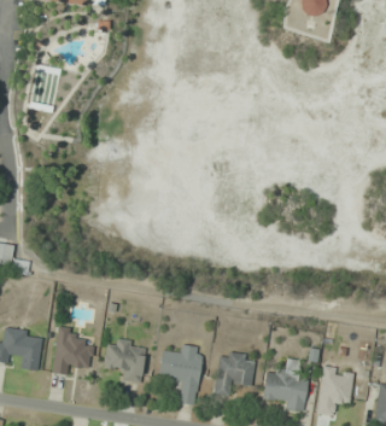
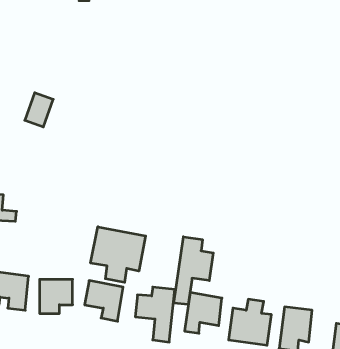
building: [30,66,62,104] -> [25,93,53,127]
building: none -> [91,227,146,282]
building: none -> [174,237,213,305]

